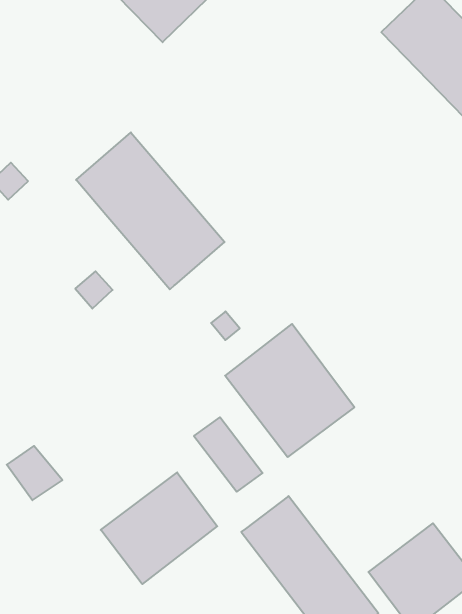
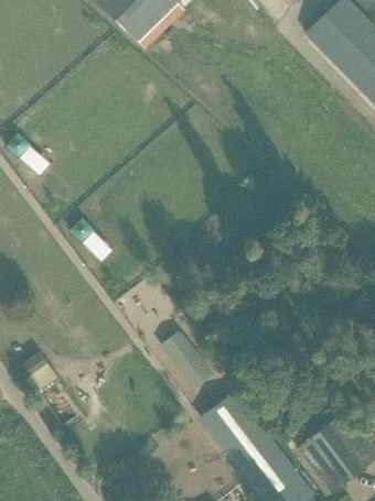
building: [76,132,225,289] -> none
building: [225,324,354,457] -> none
building: [101,472,217,584] -> none

